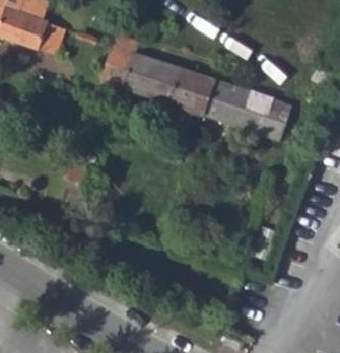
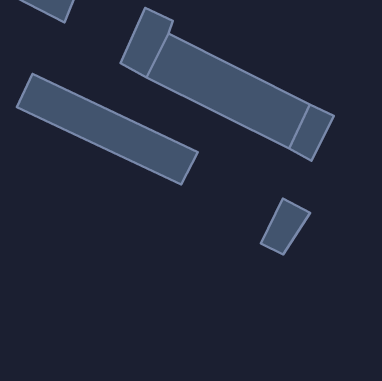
building: none -> [17,74,198,184]
building: [261,100,295,143] -> [261,198,310,254]

